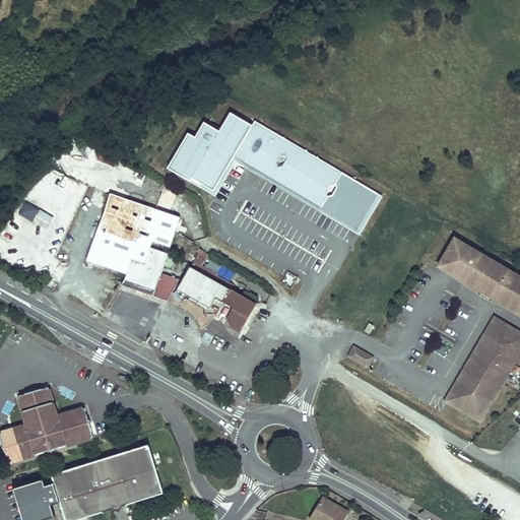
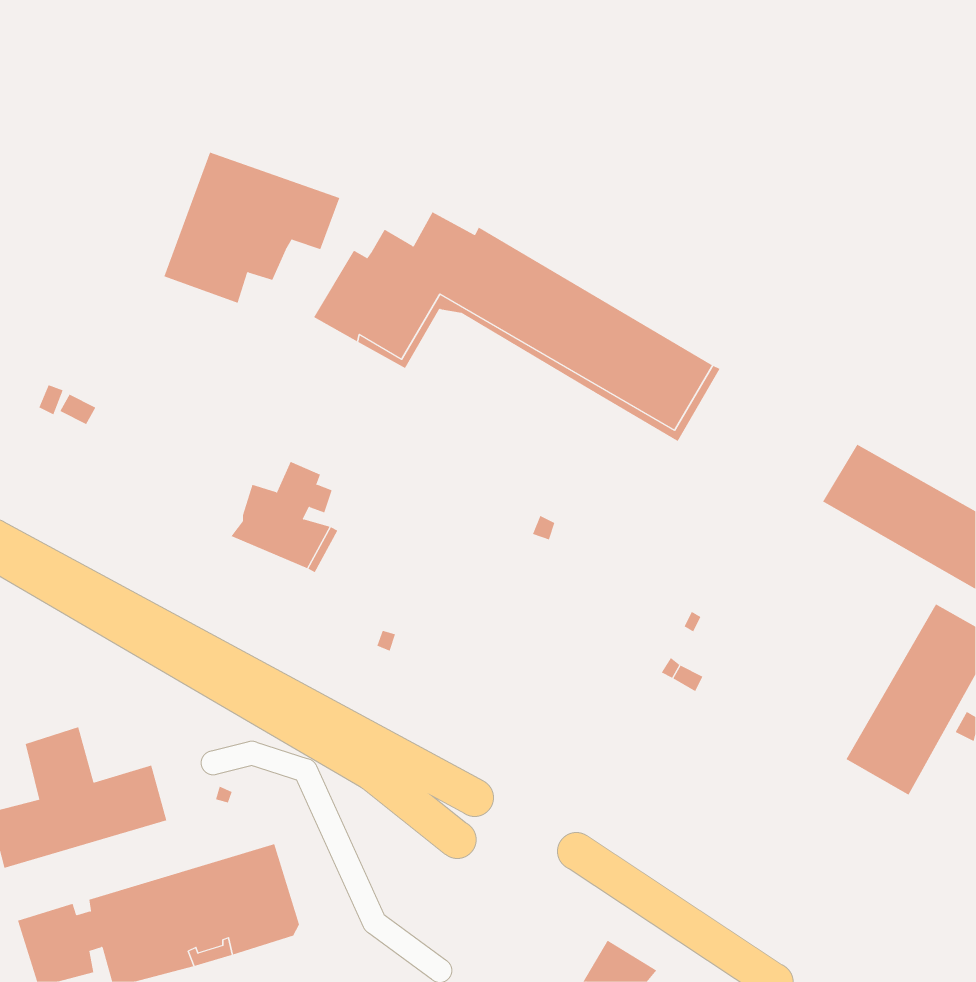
building: [88,192,182,272] -> [163,152,340,304]
building: [177,248,258,333] -> none

